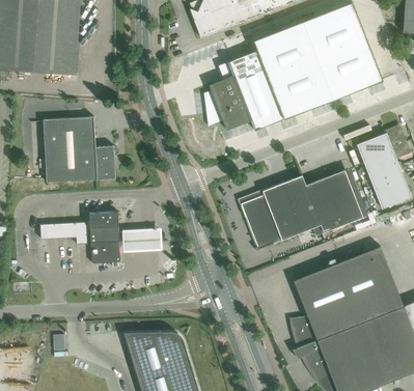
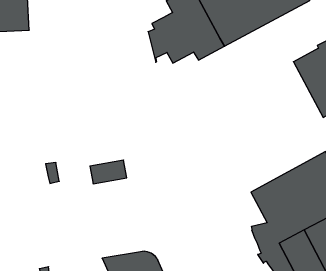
building: [43,116,115,181] -> none
building: [241,169,363,250] -> none
building: [89,212,120,262] -> none
building: [45,222,76,239] -> none

